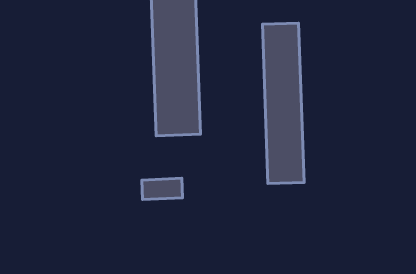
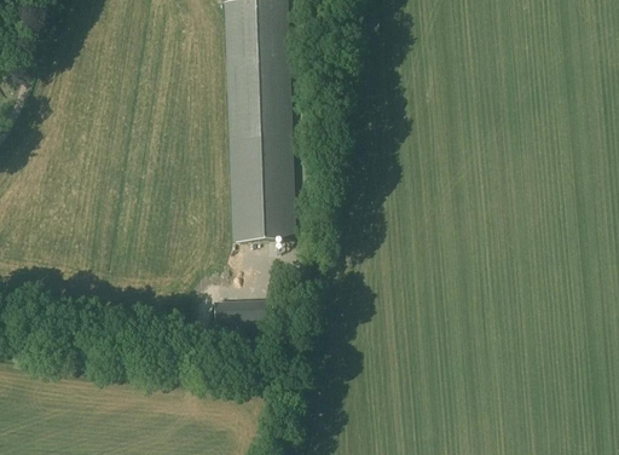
building: [262,23,304,184] -> none

